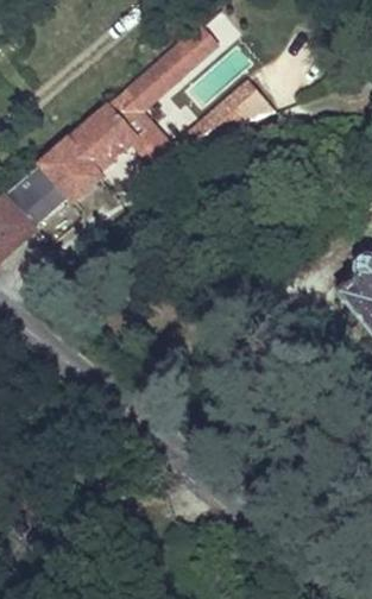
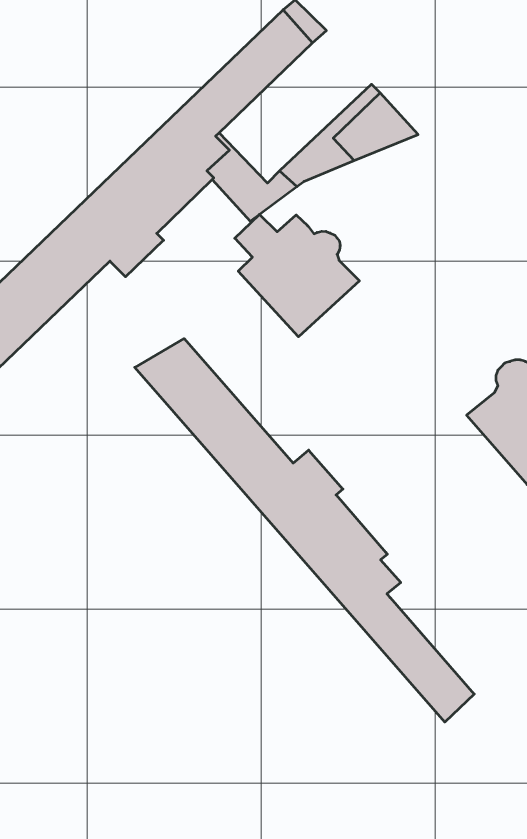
building: none -> [235,214,359,337]
building: none -> [135,339,474,722]

